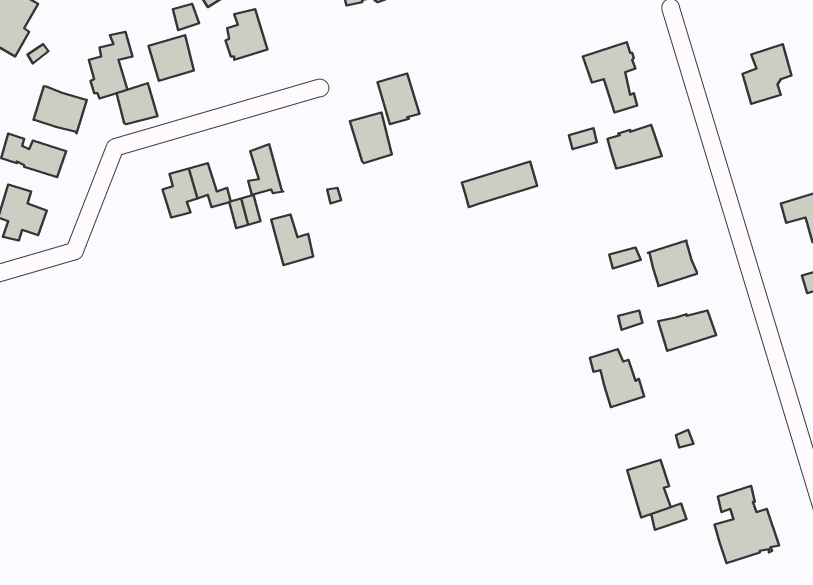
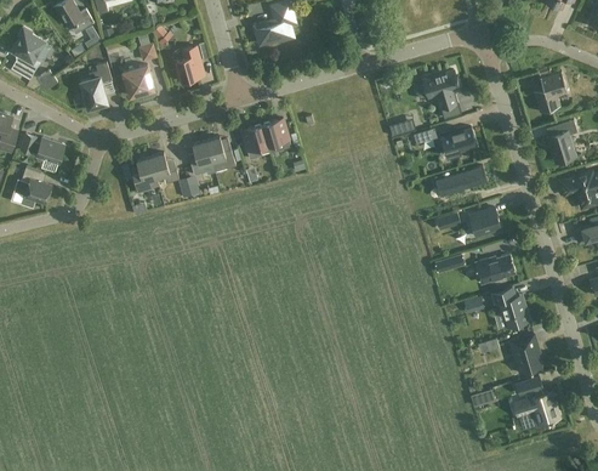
building: [377,73,419,124] -> [240,124,269,159]
building: [116,83,157,124] -> none
building: [33,86,87,133] -> none
building: none -> [546,119,576,163]
building: [462,161,537,207] -> [434,165,486,197]
building: [271,214,313,265] -> [205,136,234,171]
building: [590,349,644,407] -> [491,288,529,328]
building: [627,460,671,518] -> [509,334,540,374]

